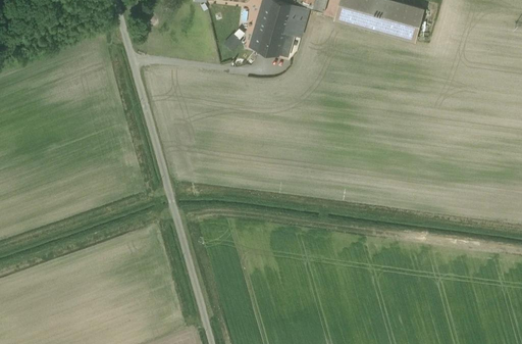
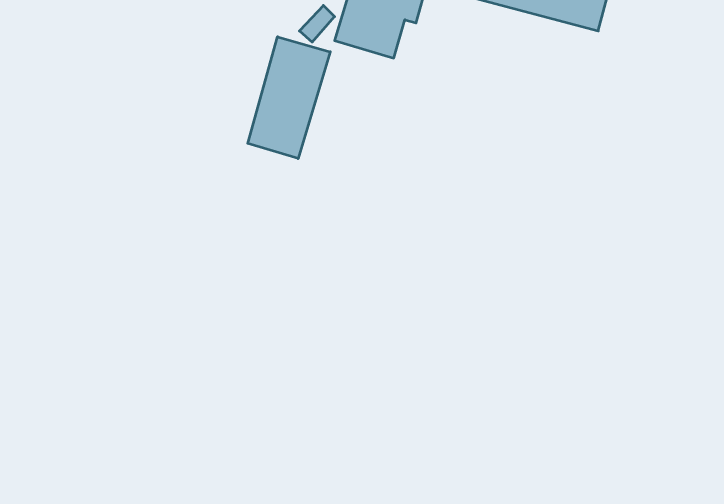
building: none -> [248,37,330,159]

